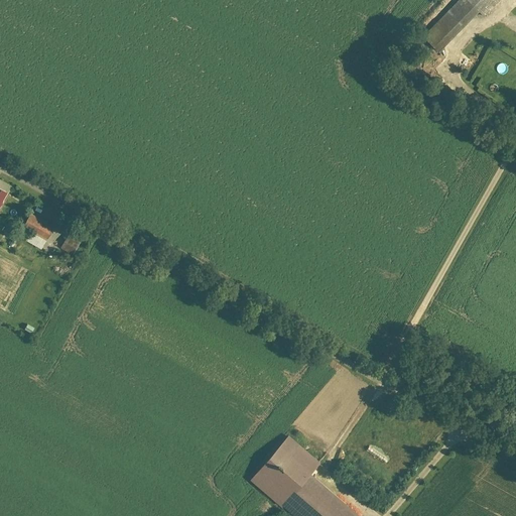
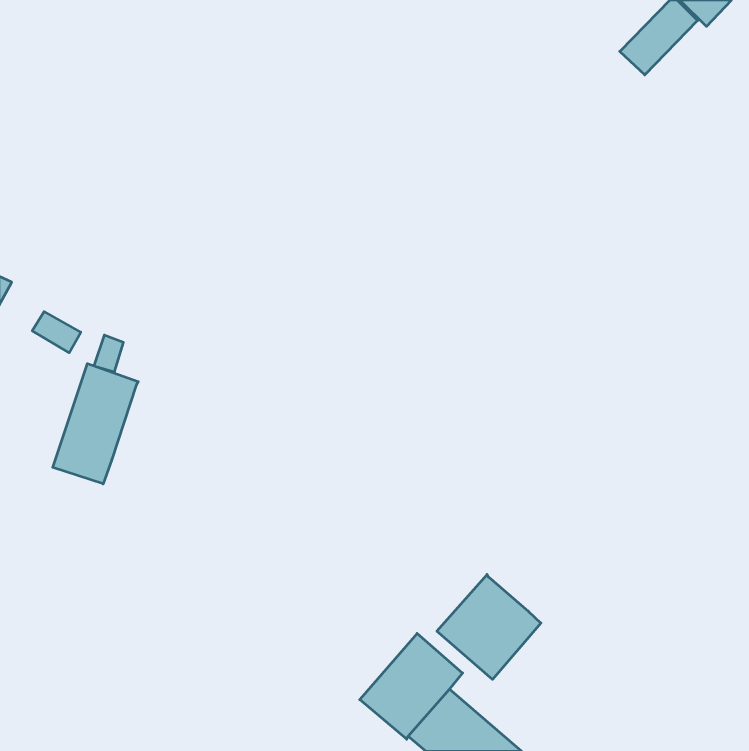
building: none -> [53,364,138,484]
building: none -> [437,574,541,679]

